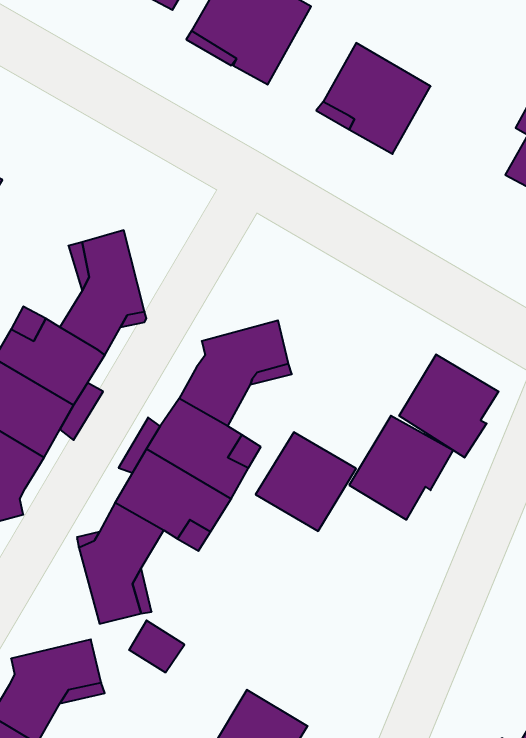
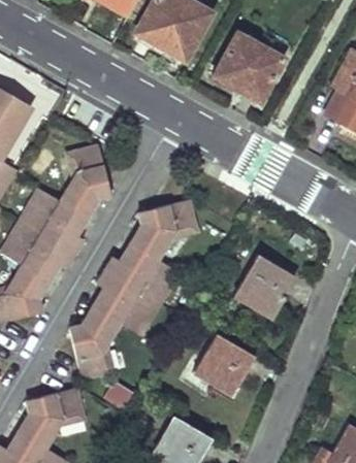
building: [399,354,499,458] -> none
building: [256,432,356,531] -> [193,334,253,393]

